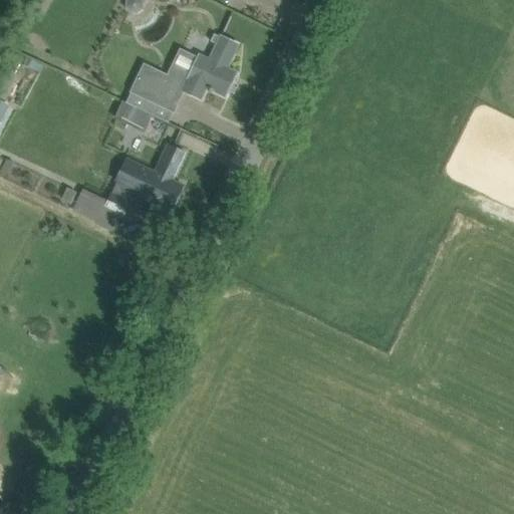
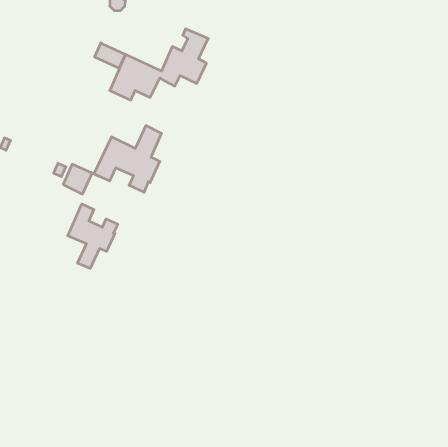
building: [115,101,151,131] -> [95,43,125,68]
building: none -> [68,204,118,268]

